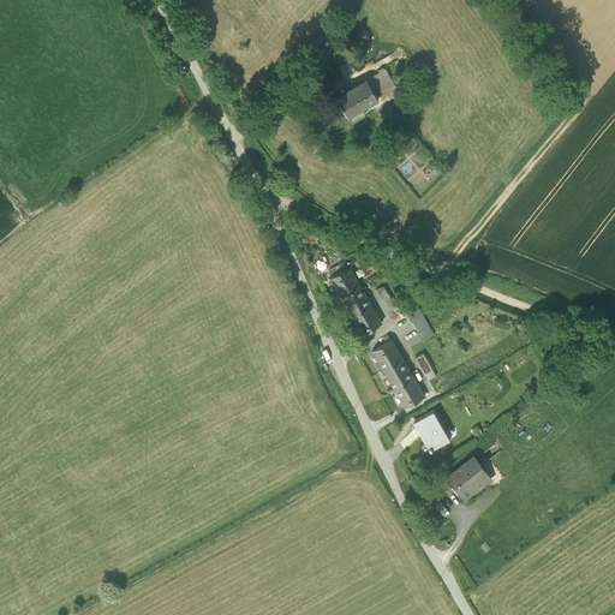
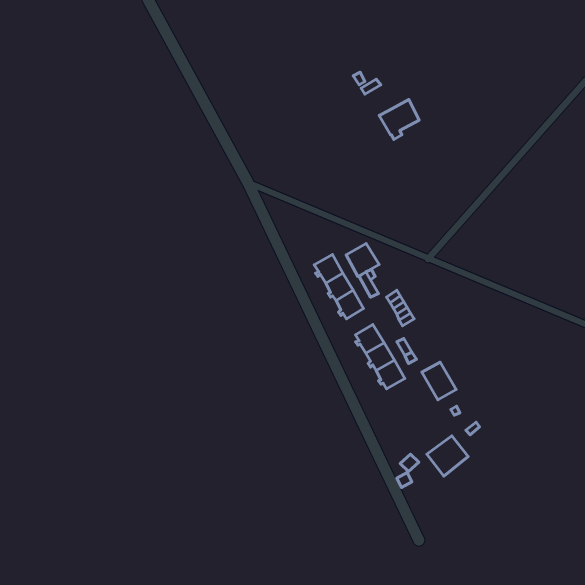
building: [336,77,378,119] -> [379,99,419,140]
building: none -> [346,243,379,276]
building: [414,411,450,450] -> [422,362,456,400]

